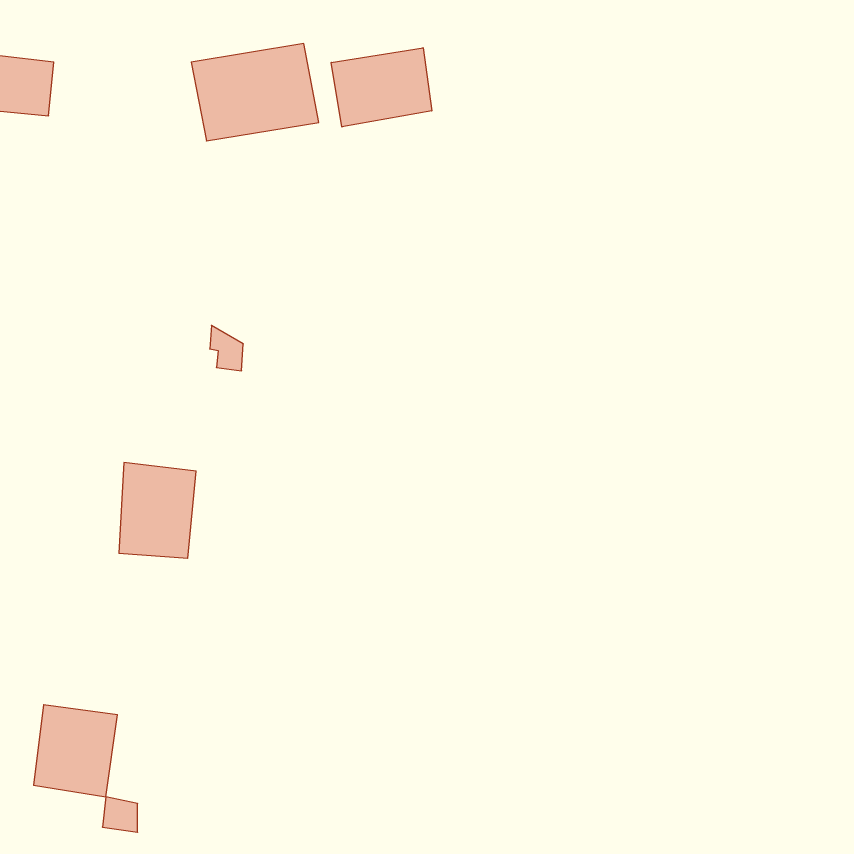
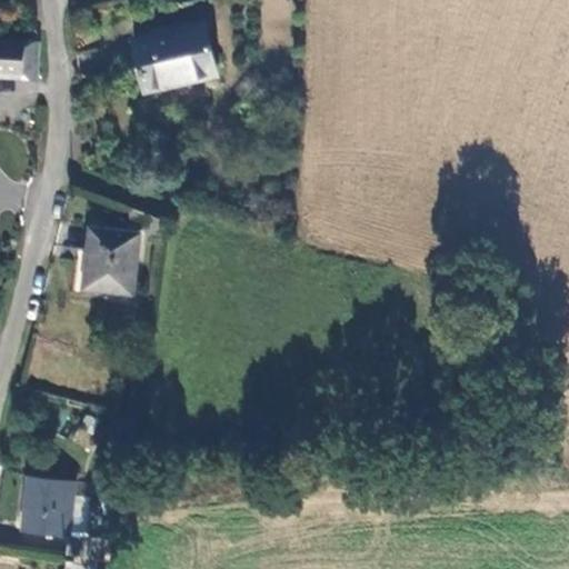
building: [331,48,432,127] -> none
building: [119,463,196,558] -> [87,233,138,297]

